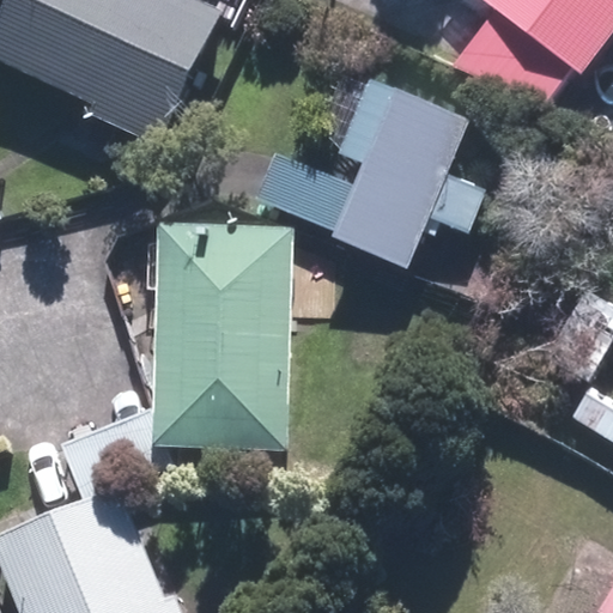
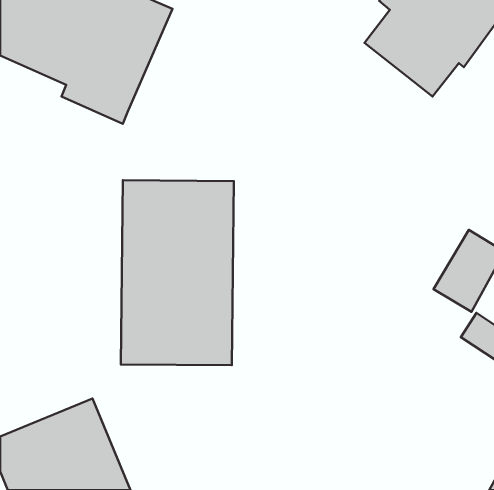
building: [254,77,487,272] -> none

